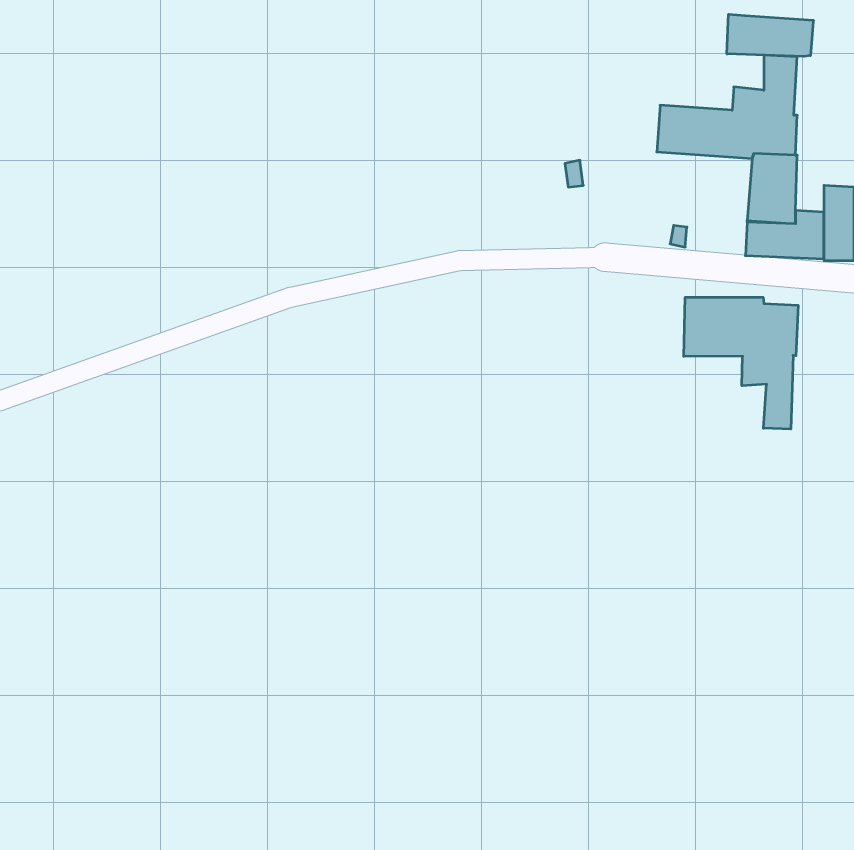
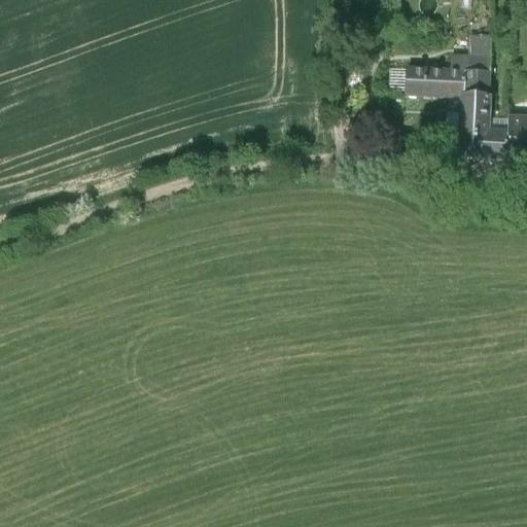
building: [727,14,813,56] -> none
building: [684,297,798,429] -> none

